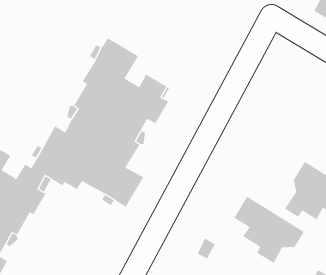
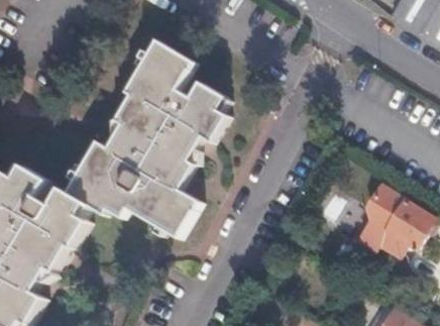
building: [233,196,305,264] -> none

